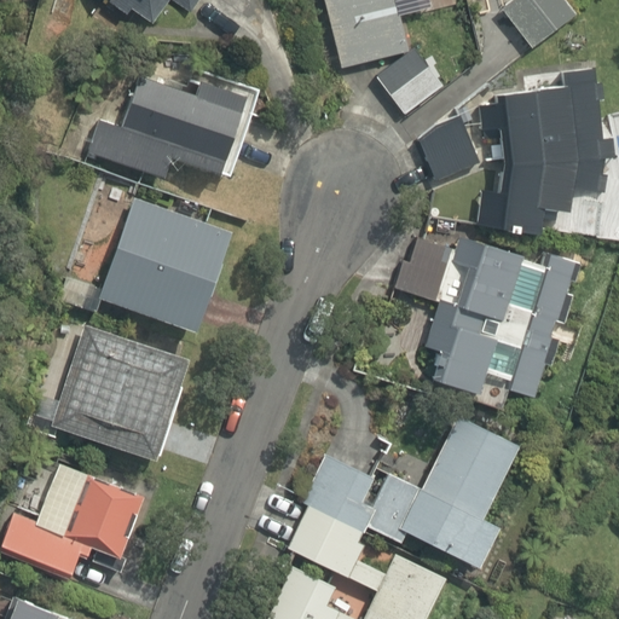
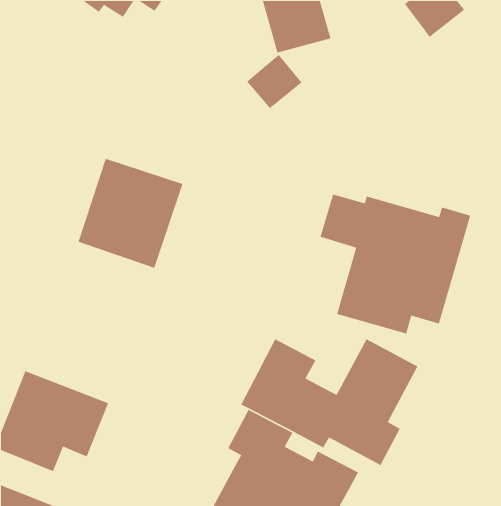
building: [380,50,449,117] -> [246,54,303,109]
building: [417,64,606,238] -> none
building: [87,70,254,177] -> none
building: [48,323,192,463] -> none

